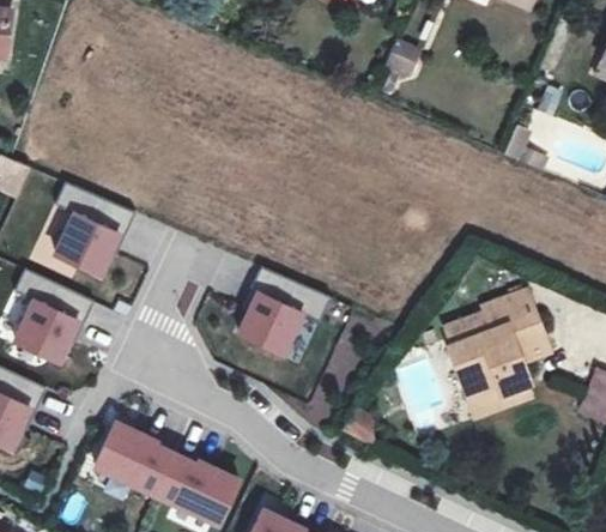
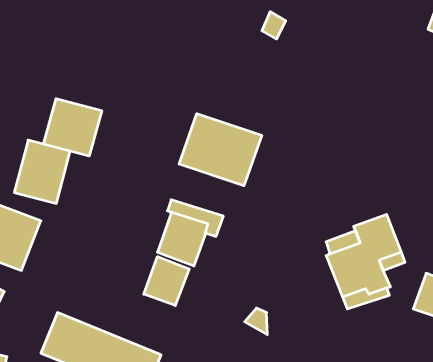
building: none -> [43,99,102,156]
building: none -> [179,114,262,186]
building: none -> [144,257,189,306]

